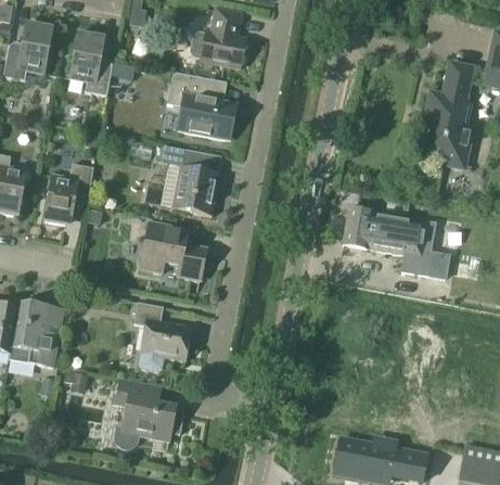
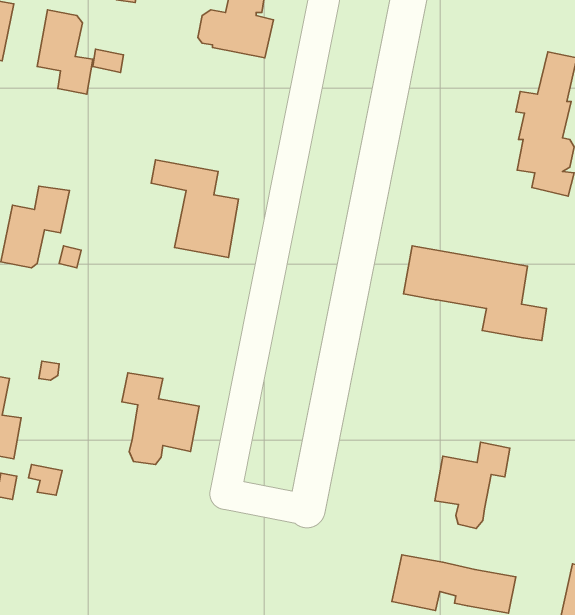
building: [167,72,233,139] -> none
building: [141,221,206,280] -> none
building: none -> [435,442,510,529]
building: [115,379,183,449] -> none

